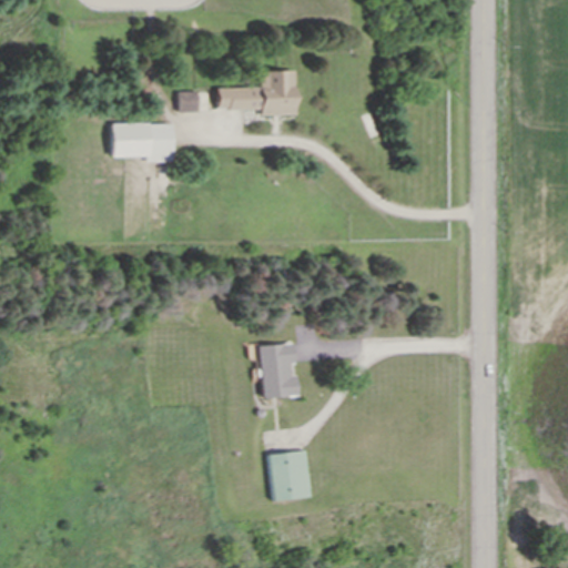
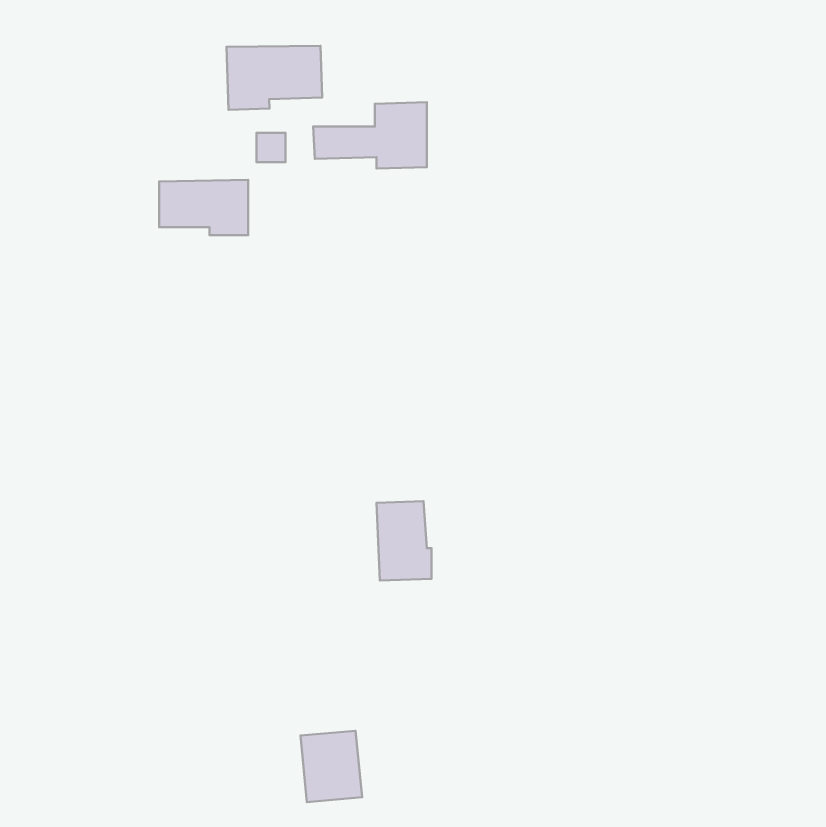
building: none -> [226,46,322,110]
building: [270,450,312,499] -> [300,731,362,802]

